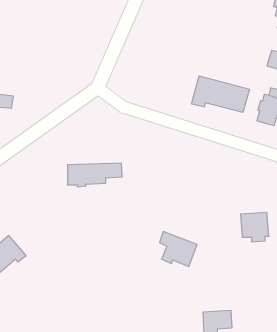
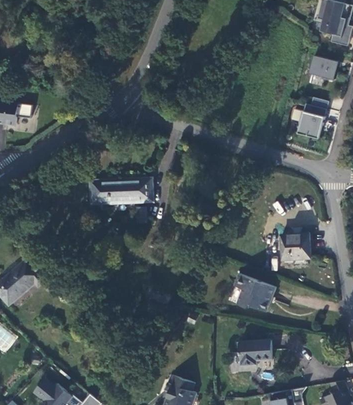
building: [192,76,250,112] -> none
building: [160,232,197,266] -> [234,273,275,311]

